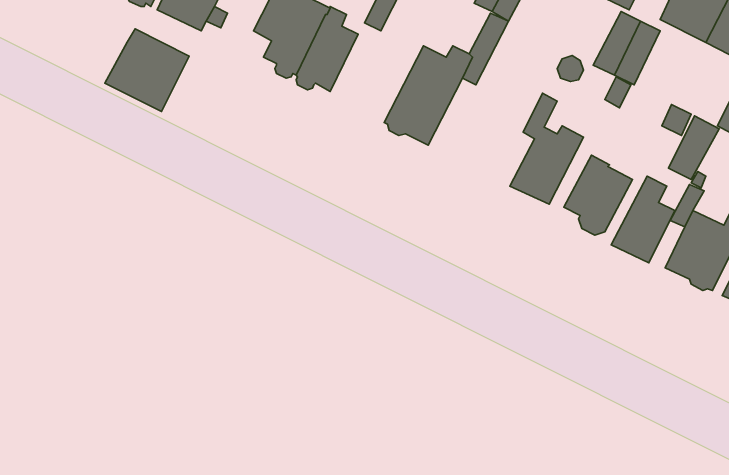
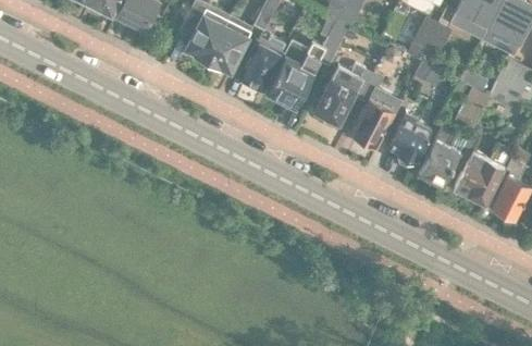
building: [105,29,189,111] -> none
building: none -> [239,38,285,91]
building: none -> [314,64,372,129]

